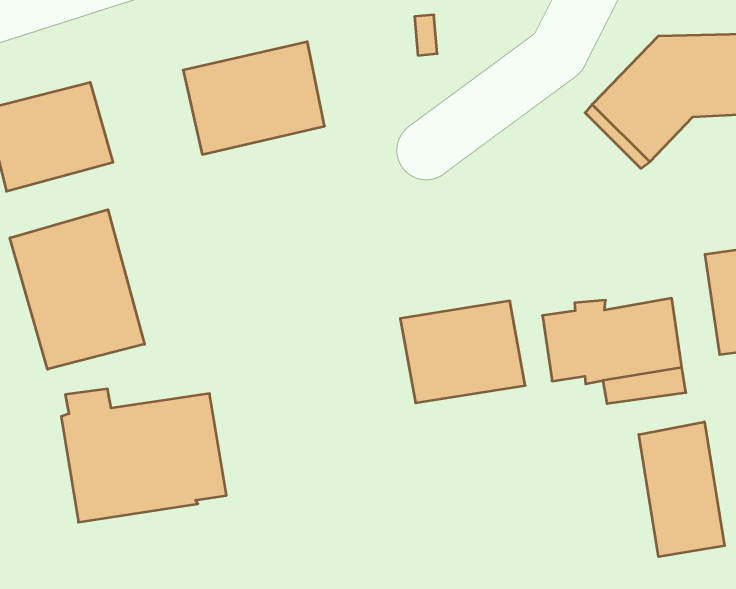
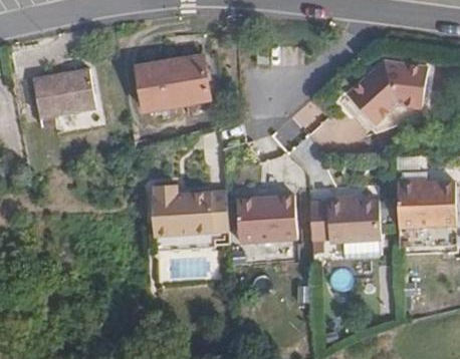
building: [10,210,145,369] -> none
building: [61,389,226,522] -> [150,184,231,251]
building: [639,422,725,557] -> none

